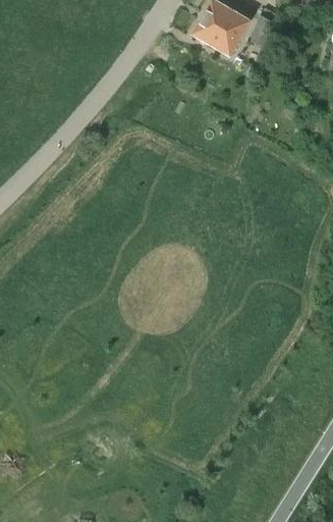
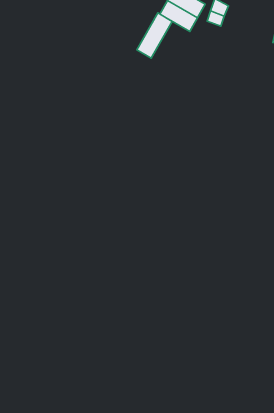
building: none -> [137,13,172,58]

